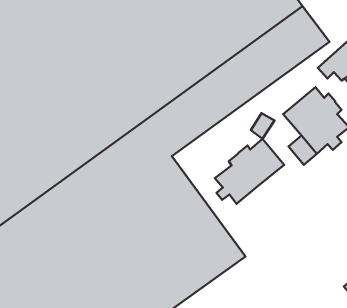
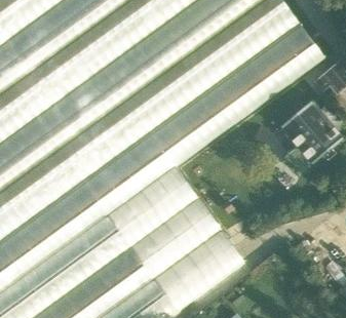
building: [215,139,284,204] -> none

